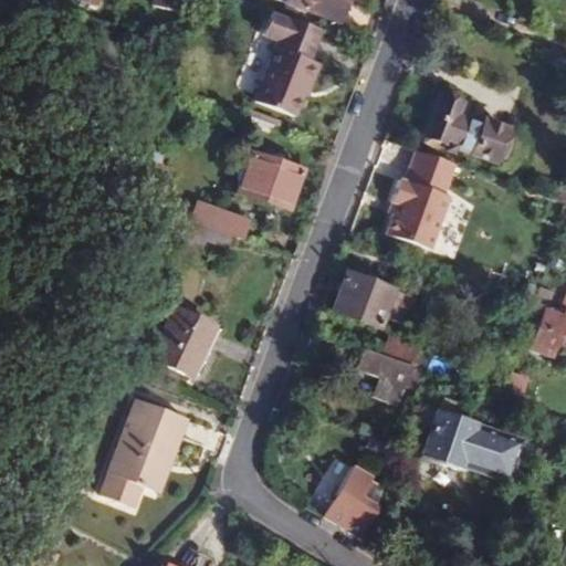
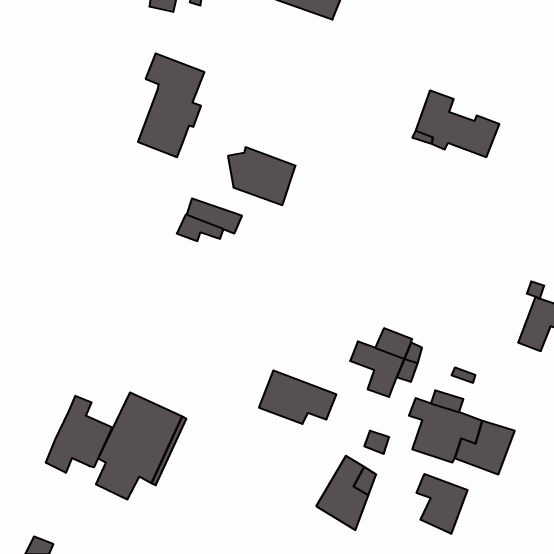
building: [256,9,324,114] -> [138,54,204,157]
building: [389,150,459,252] -> none
building: [335,271,413,325] -> [259,370,336,424]
building: [150,305,217,375] -> none
building: none -> [46,396,112,473]
building: none -> [417,474,468,534]

